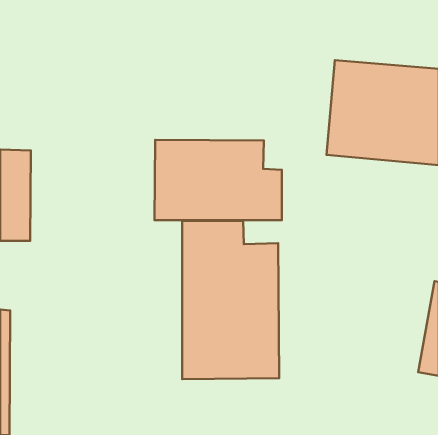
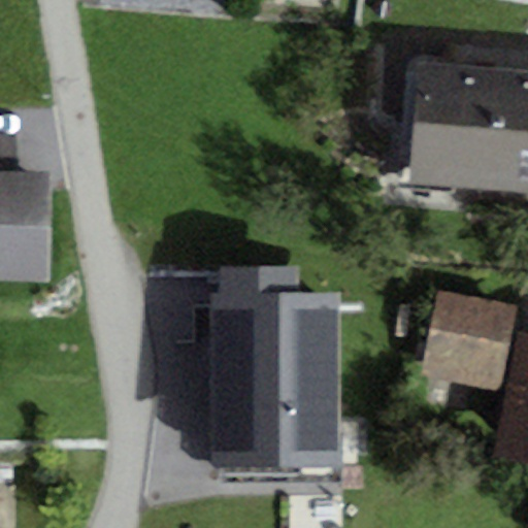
building: [155,140,282,220] -> none
building: none -> [430,290,512,375]

